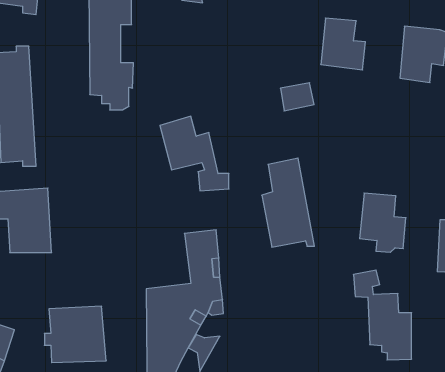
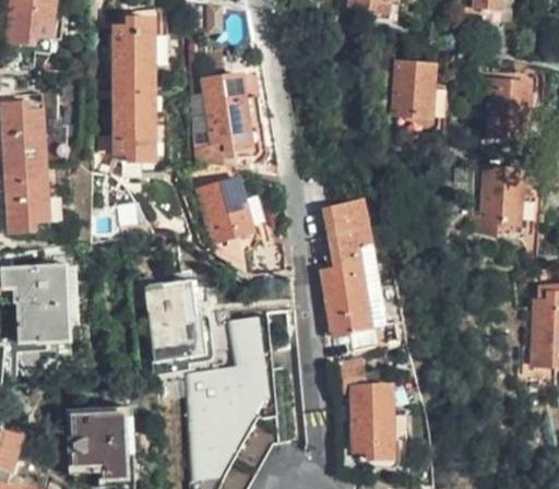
building: none -> [202,75,262,159]
building: [280,83,314,111] -> [323,201,364,235]
building: [360,193,406,252] -> [479,166,535,237]
building: none -> [141,278,204,360]
building: [353,270,412,360] -> [332,359,402,467]

